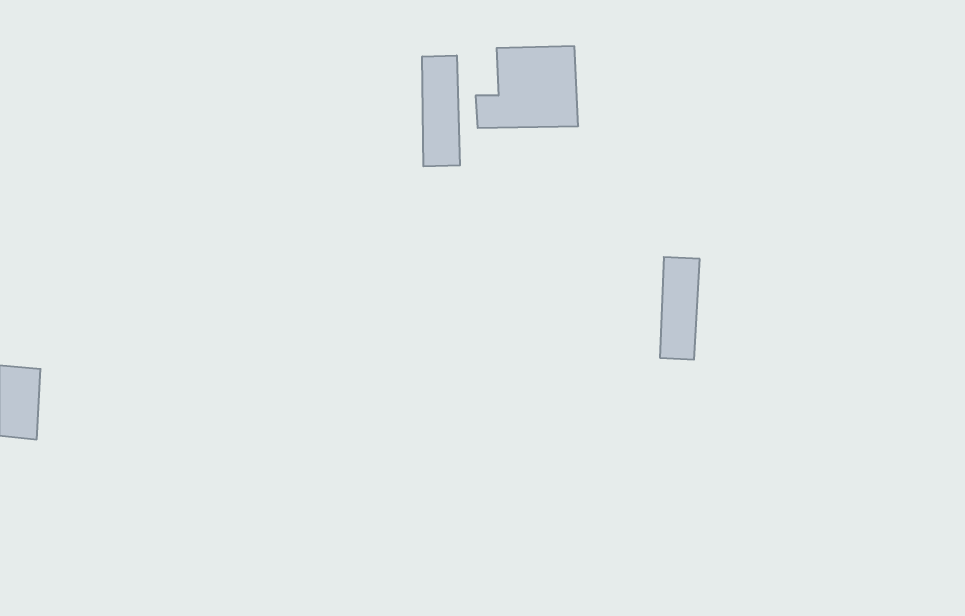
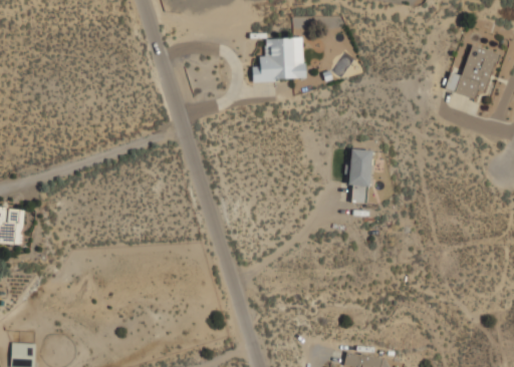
building: [422,55,460,166] -> none
building: none -> [445,43,499,98]

